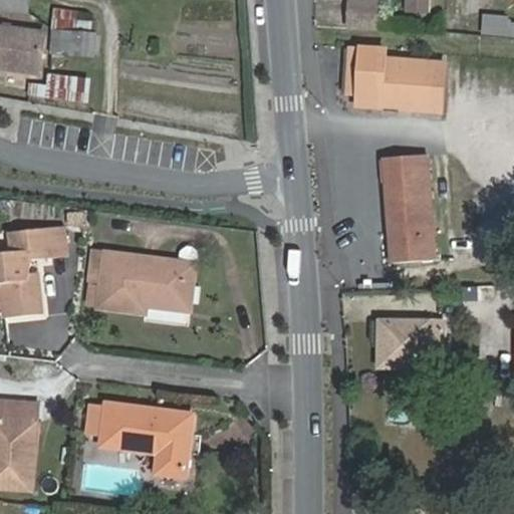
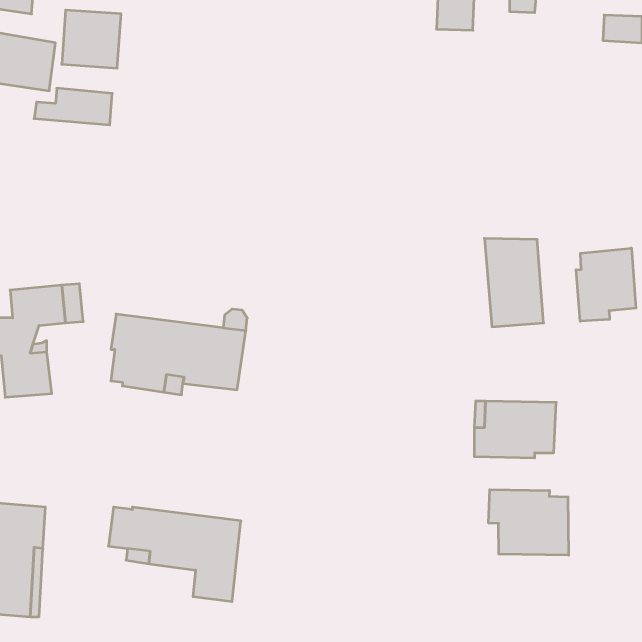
building: [344,44,443,109] -> none
building: [382,153,428,191] -> none
building: none -> [576,248,636,321]
building: none -> [489,490,569,555]

